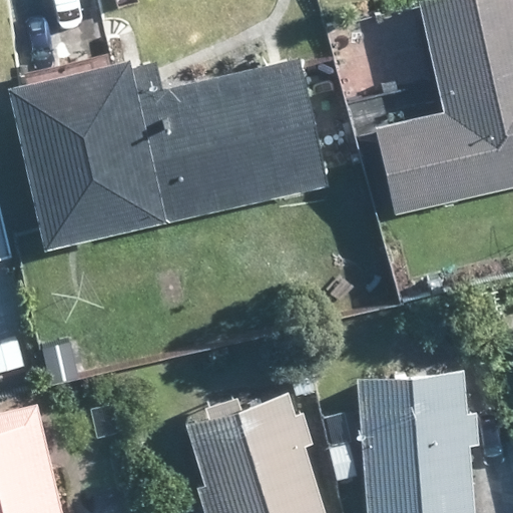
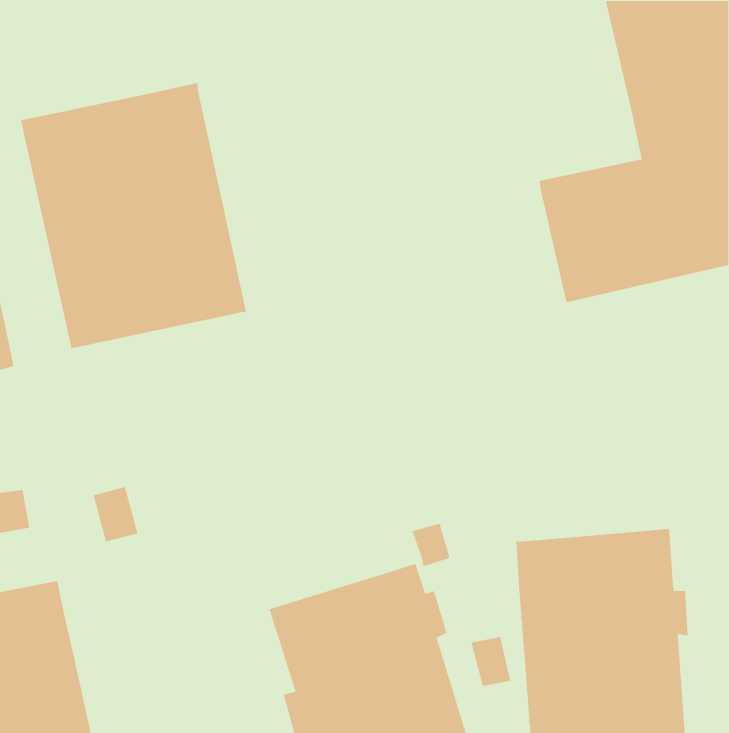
building: [138,60,326,219] -> none

